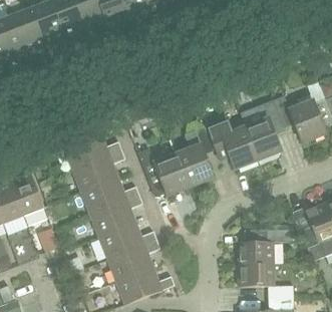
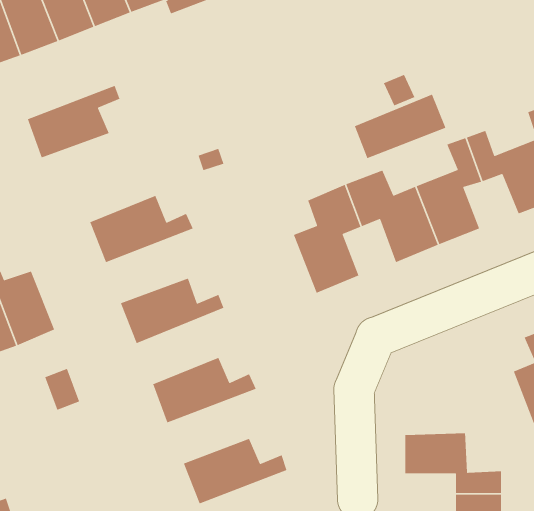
building: none -> [354,93,447,159]
building: [137,147,190,195] -> none
building: [72,149,124,191] -> [27,85,121,159]
building: [89,194,141,236] -> none
building: [238,228,292,264] -> none
building: [106,239,159,280] -> none

